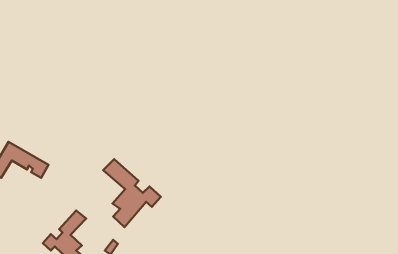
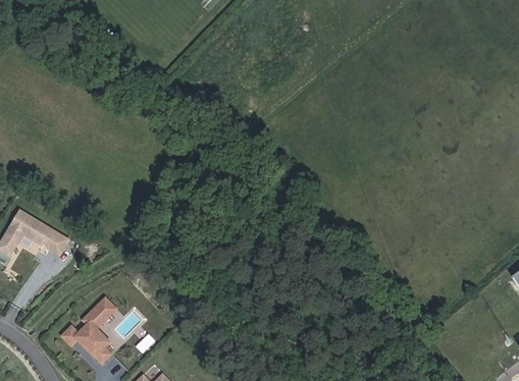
building: [103,159,161,227] -> none

